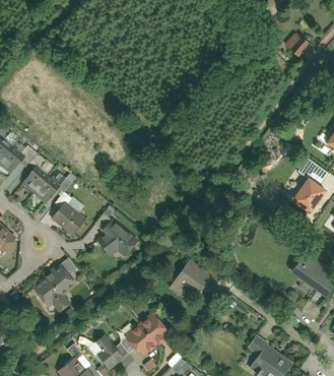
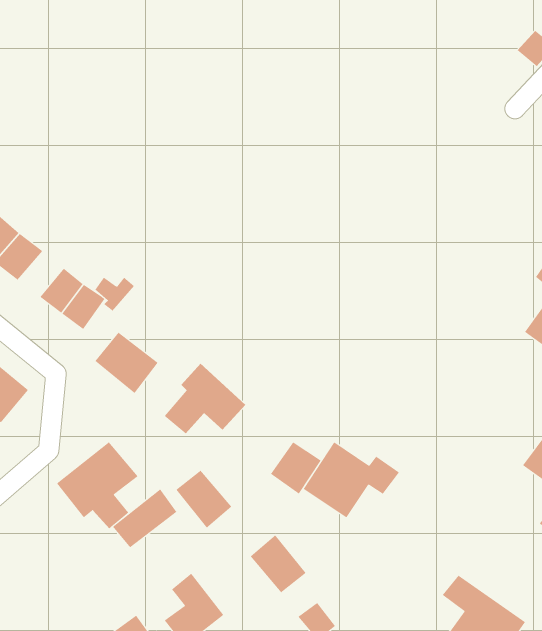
building: none -> [270,441,322,495]
building: none -> [112,489,177,548]
building: [125,326,156,359] -> [175,470,232,528]

